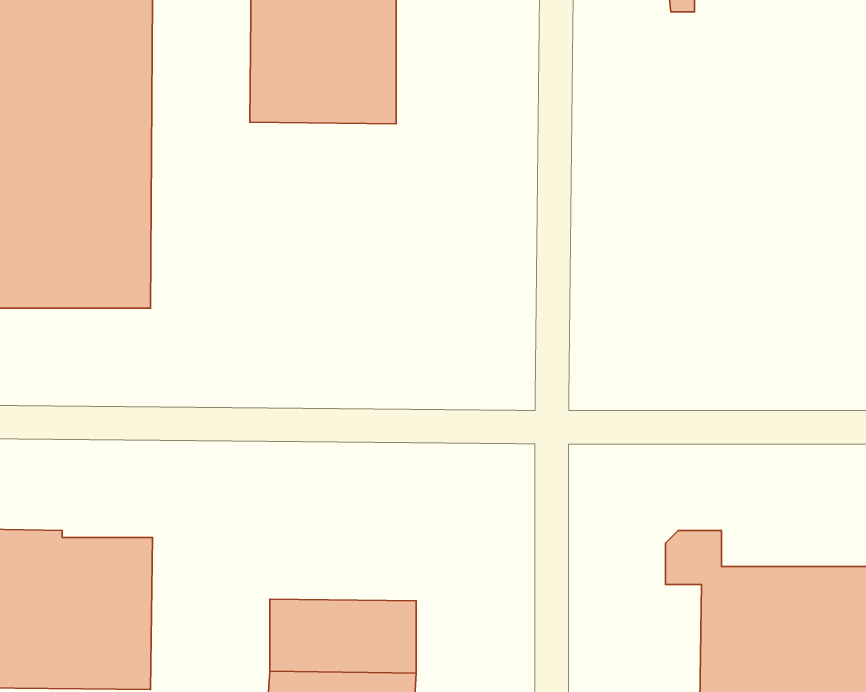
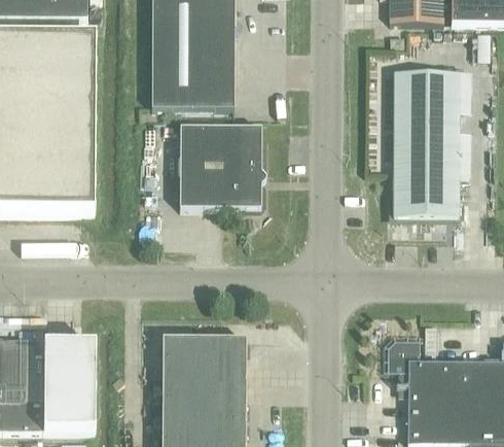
building: none -> [393,73,459,217]
building: none -> [180,128,261,209]
building: none -> [163,339,246,381]

